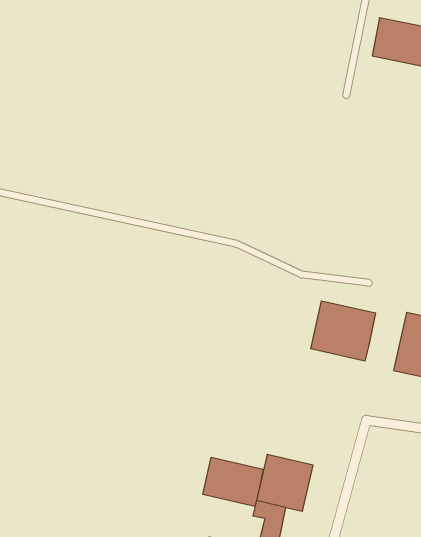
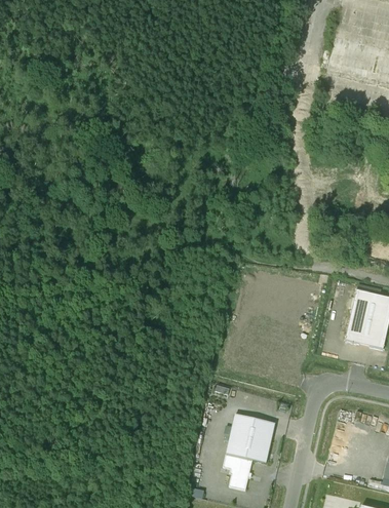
building: [311,301,376,361] -> none
building: [203,457,263,506] -> none

